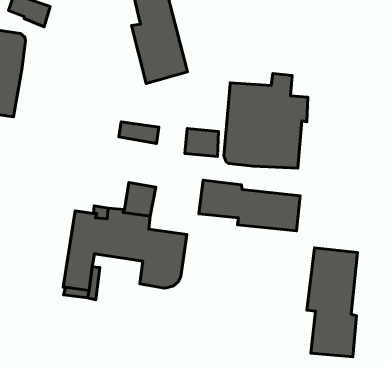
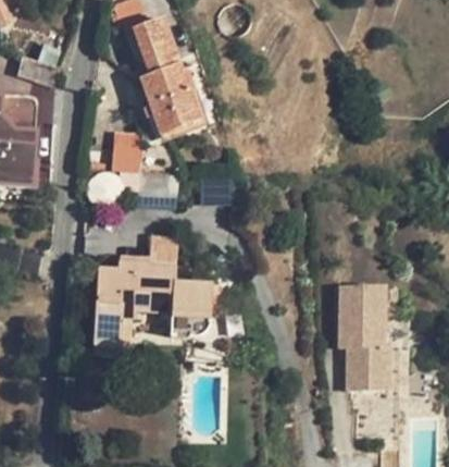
building: [224,74,308,168] -> none
building: none -> [113,132,142,173]
building: [199,180,300,231] -> none

